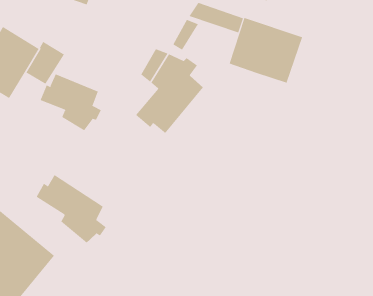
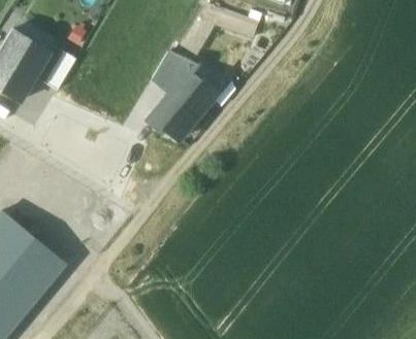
building: [228,17,303,83] -> none
building: [40,74,102,131] -> none
building: [36,174,107,243] -> none

